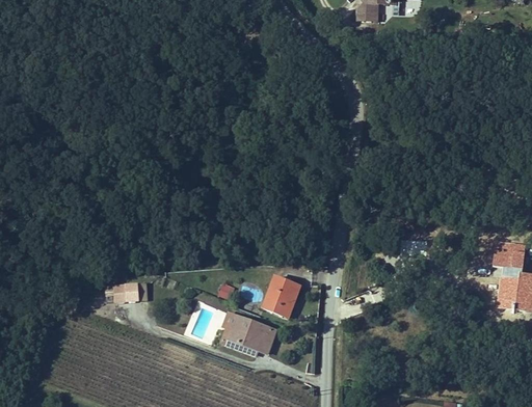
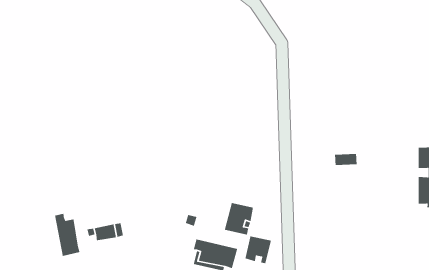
building: none -> [54,213,81,257]
building: none -> [244,236,272,264]

